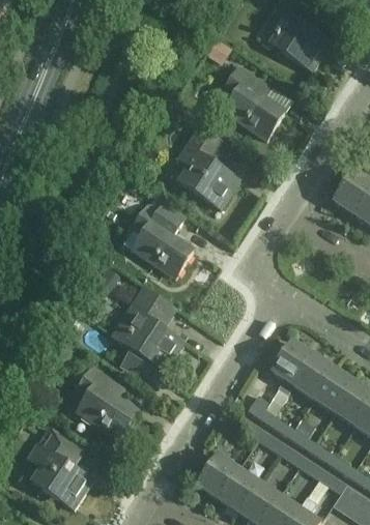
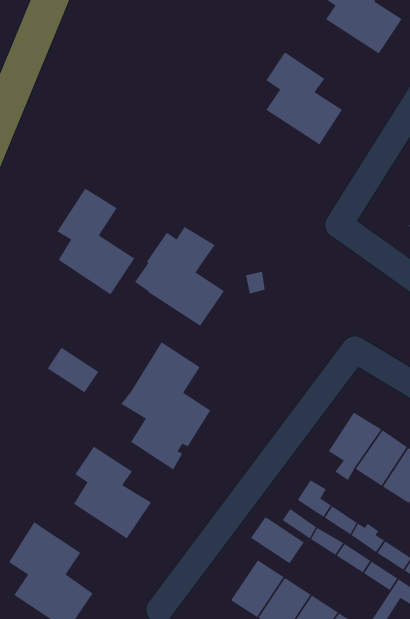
building: [178,125,238,207] -> [56,188,135,295]
building: none -> [47,347,99,393]
building: none -> [250,516,304,564]

